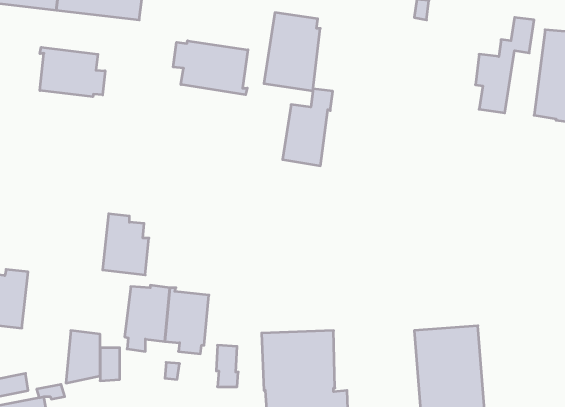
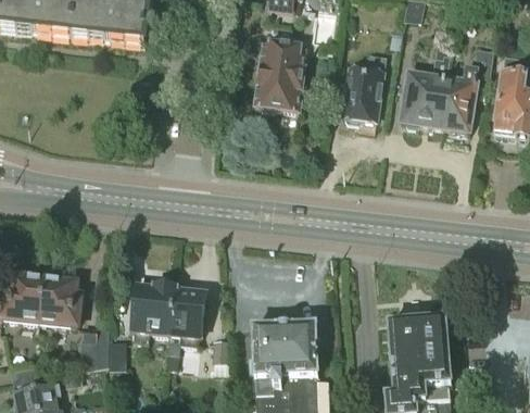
building: none -> [401,41,451,128]
building: [173,41,248,95] -> none
building: [40,47,105,97] -> none
building: [283,89,333,166] -> [342,53,387,122]
building: [103,214,149,275] -> [39,273,80,327]

